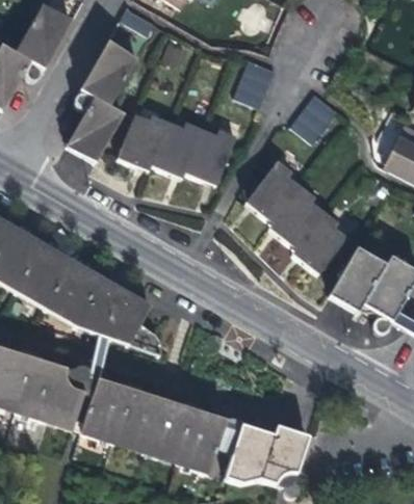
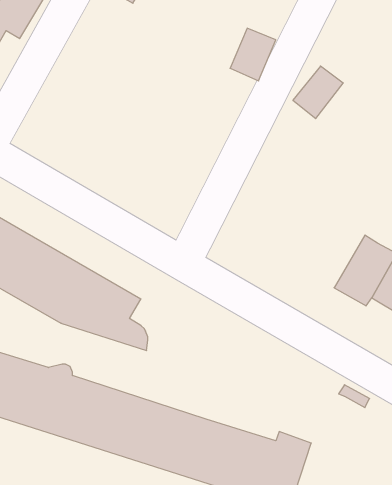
building: [64,41,137,162] -> none
building: [118,114,237,183] -> none
building: [244,160,346,273] -> none

